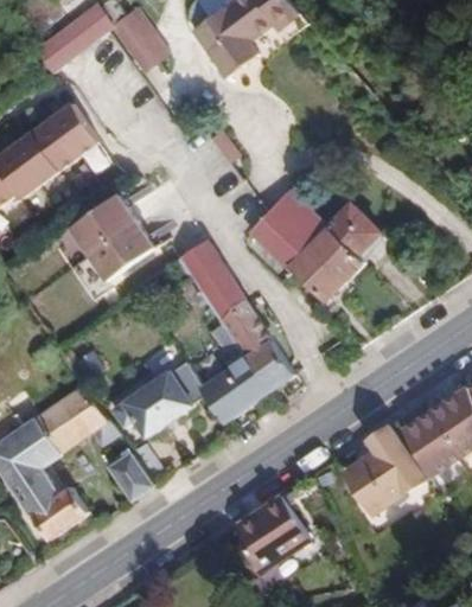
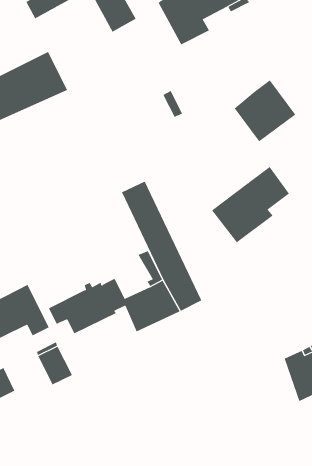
building: [254,190,329,266] -> [234,80,296,142]
building: [70,194,154,280] -> none
building: [342,423,422,513] -> none
building: [236,493,308,574] -> none

